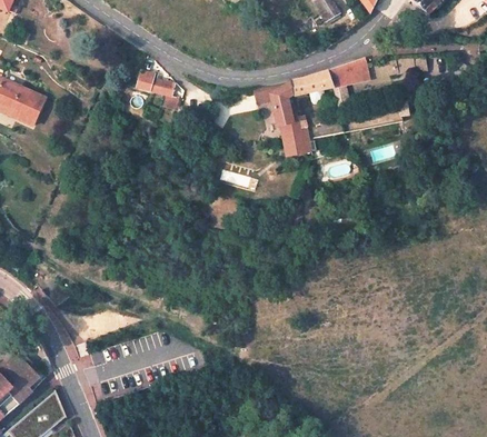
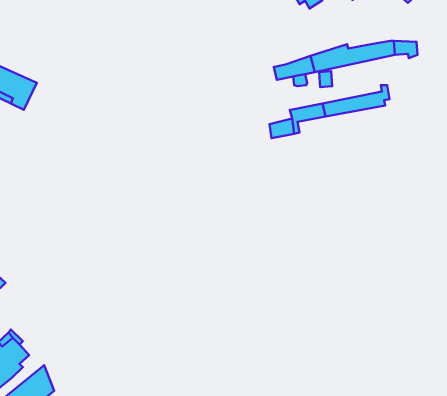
building: [137,71,177,109] -> none
building: [252,82,294,127] -> none

